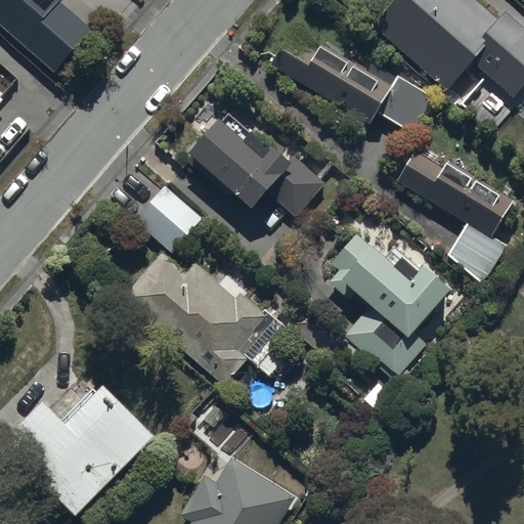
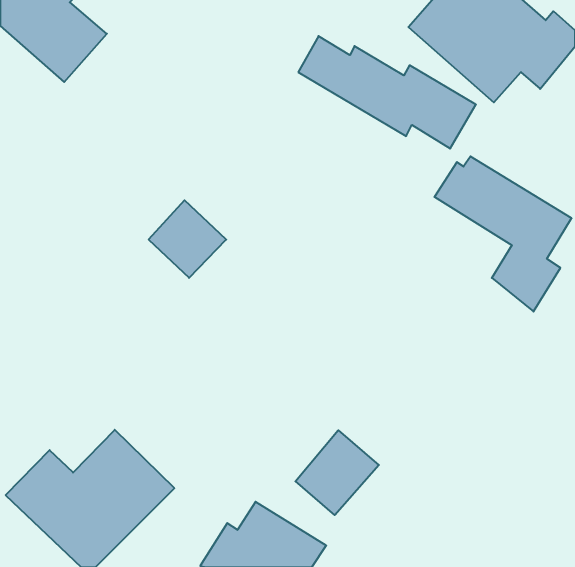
building: [189,118,326,216] -> none
building: [287,232,451,380] -> none
building: [123,251,268,383] -> none
building: none -> [295,430,379,515]

